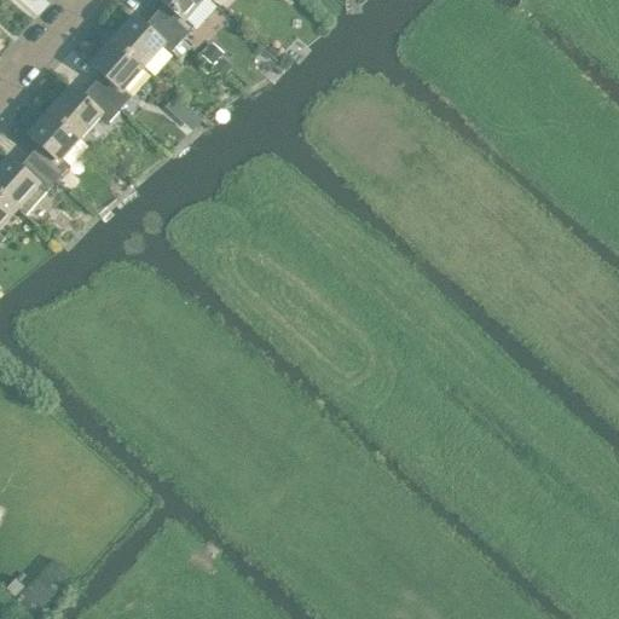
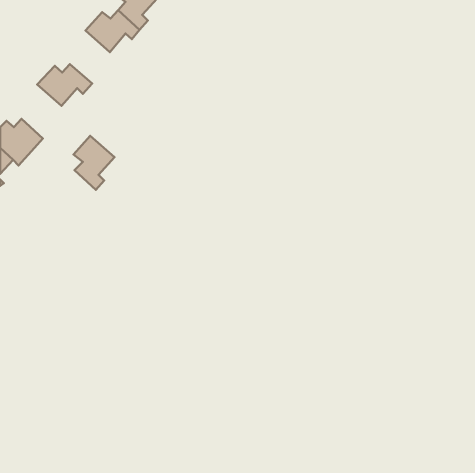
building: [89,40,143,109] -> none
building: [27,110,80,180] -> [73,136,114,190]

